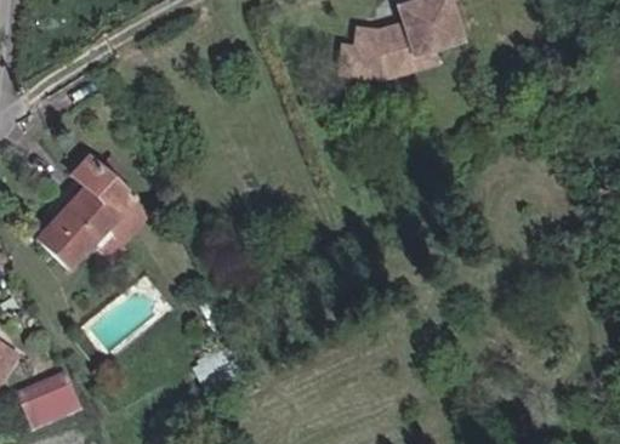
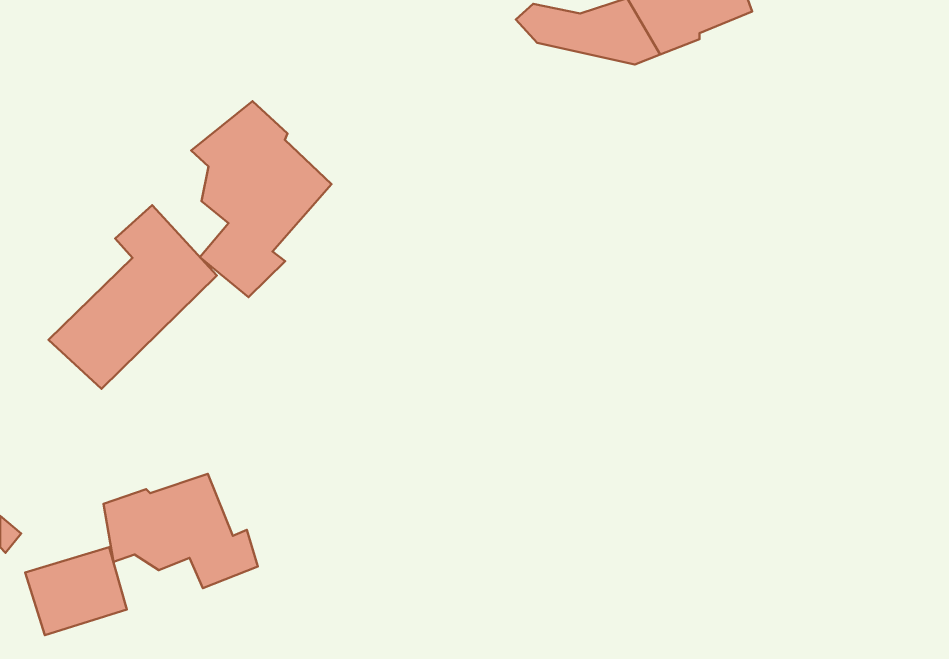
building: none -> [191,101,332,297]
building: none -> [104,474,258,588]

